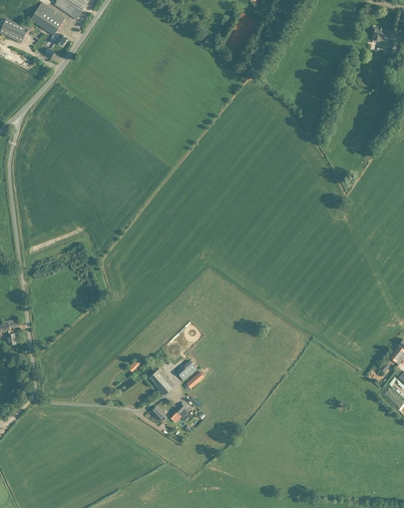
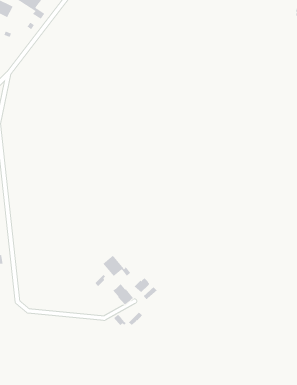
building: none -> [103,255,131,277]

